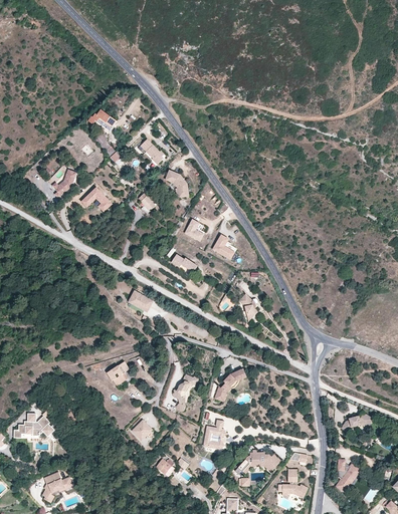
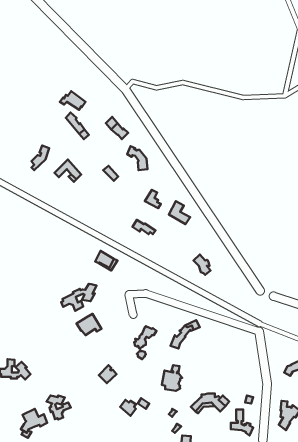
building: none -> [61,284,96,311]
building: none -> [47,395,71,419]

